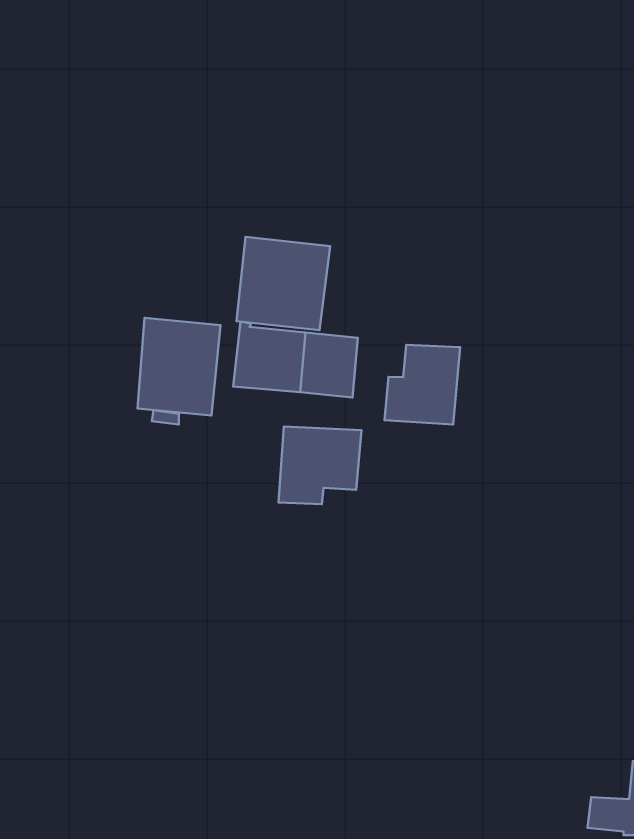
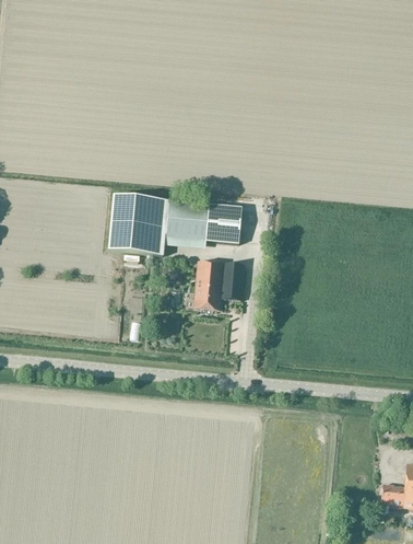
building: [237,237,330,330] -> none
building: [384,345,460,424] -> none

